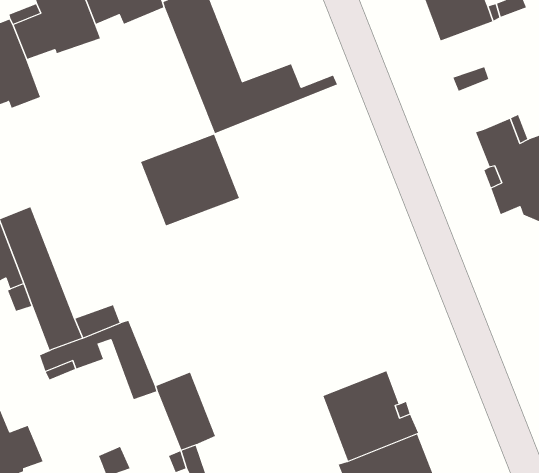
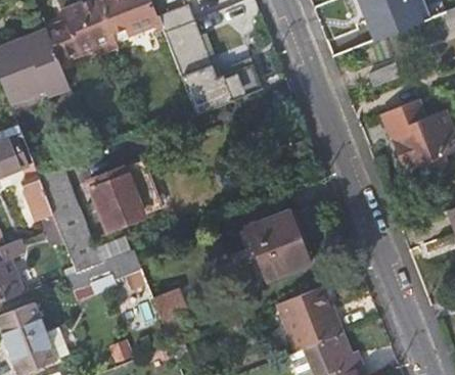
building: [140,134,240,226] -> [88,161,161,229]
building: none -> [247,209,310,280]

